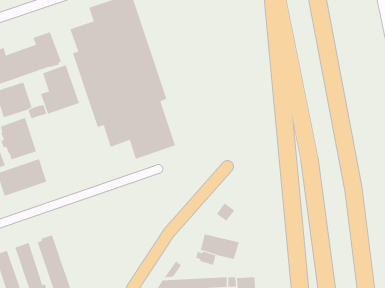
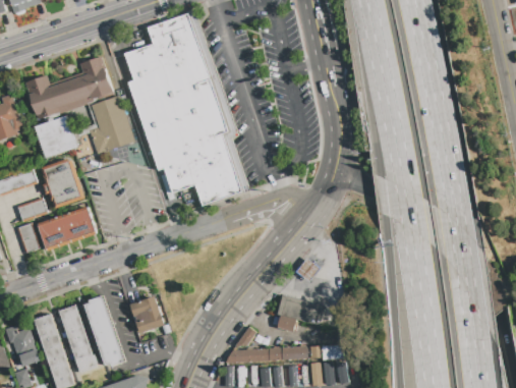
building: none -> [130,295,164,332]

